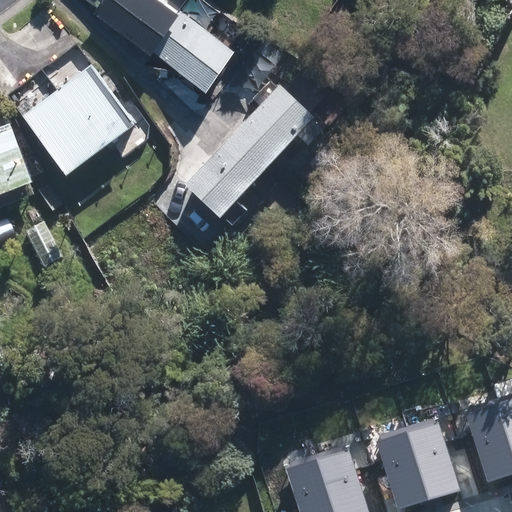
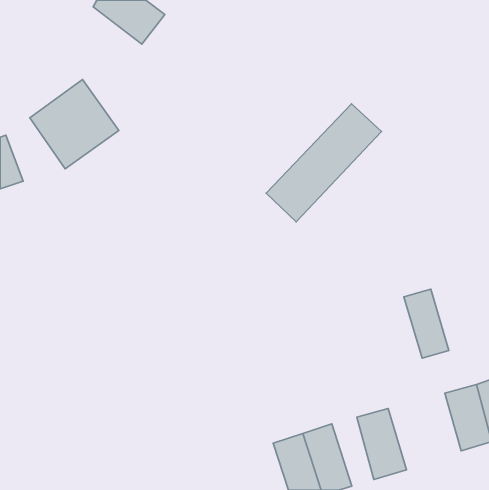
building: [163,23,225,83] -> none
building: [185,99,305,222] -> [266,104,381,222]
building: [406,418,453,490] -> [404,289,449,358]

